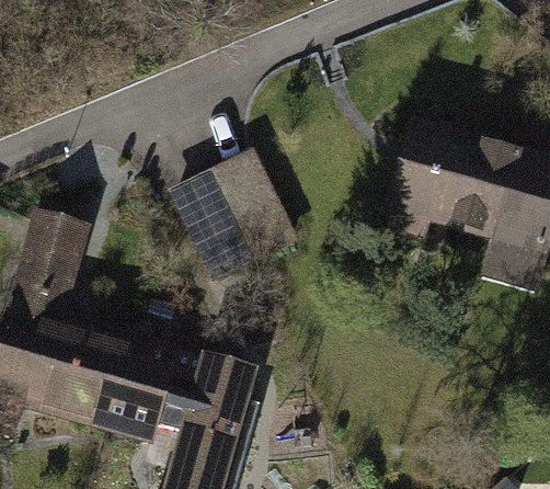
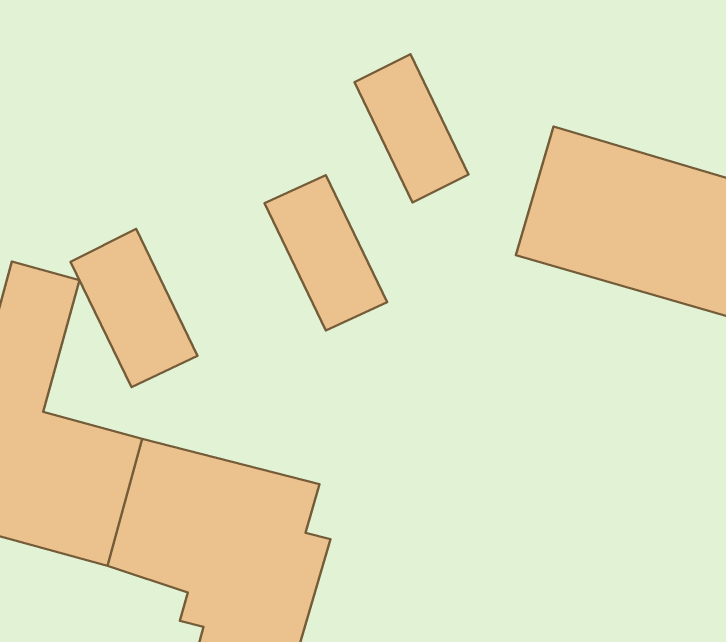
building: none -> [354,54,469,203]
building: [167,170,255,281] -> [70,229,198,387]

